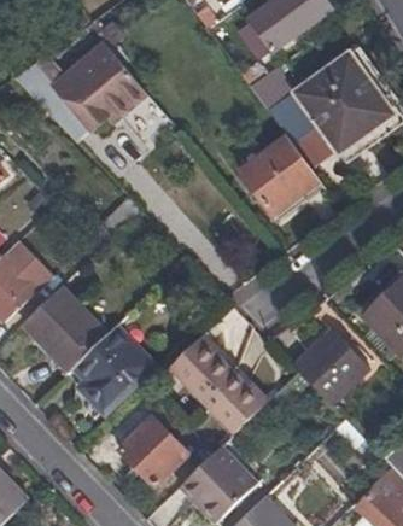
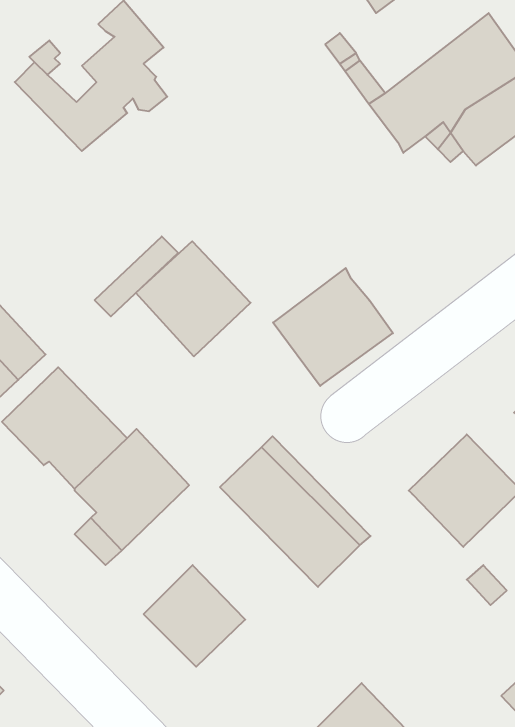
building: [240,136,320,215] -> [273,268,393,386]
building: none -> [136,241,251,356]
building: [182,445,255,518] -> none

